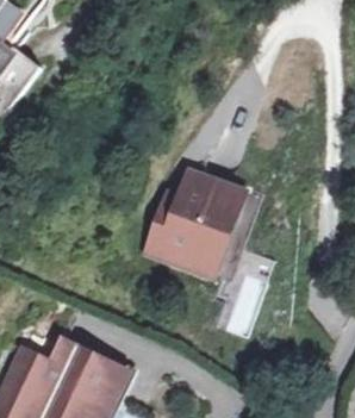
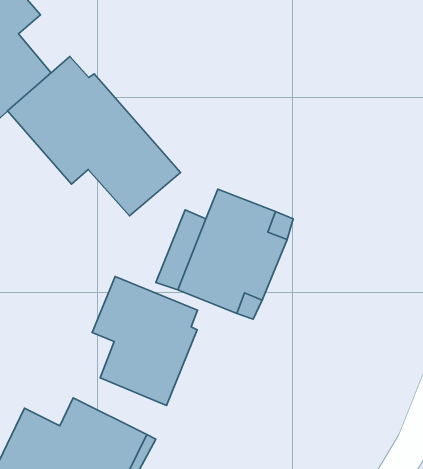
building: none -> [8,56,180,216]
building: none -> [92,276,197,406]

